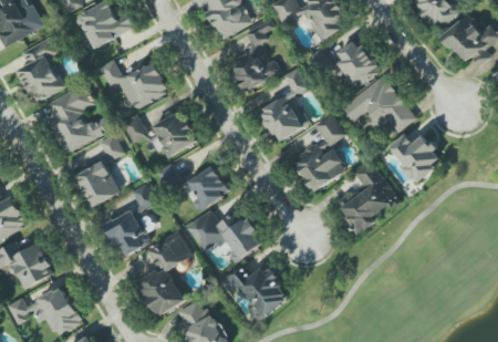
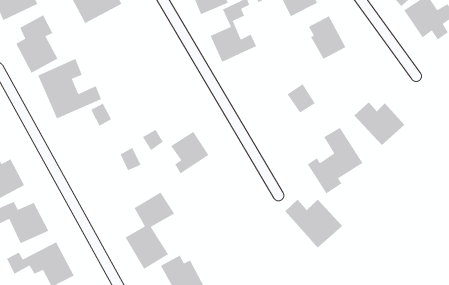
building: [98,59,168,110] -> none
building: [259,68,308,142] -> none
building: [340,75,415,133] -> none
building: [122,111,196,156] -> none
building: [291,144,346,191] -> none
building: [74,160,120,207] -> none
building: [186,208,260,261] -> none
building: [104,209,149,258] -> none
building: [226,265,290,319] -> [284,199,343,249]

